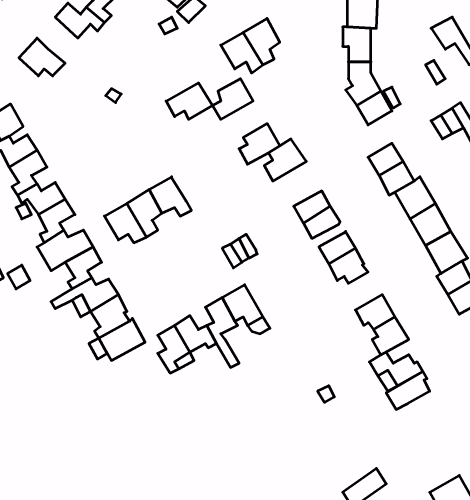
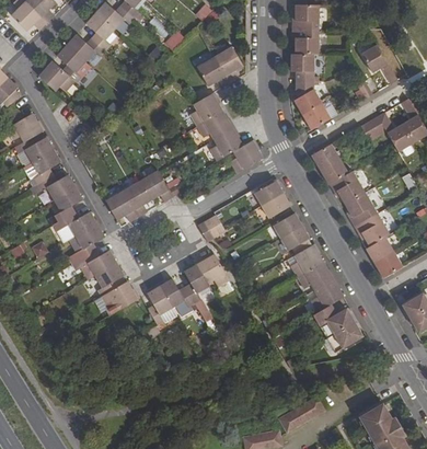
building: none -> [57,45,84,82]
building: [166,83,212,119] -> [196,111,232,139]
building: none -> [293,244,322,274]

